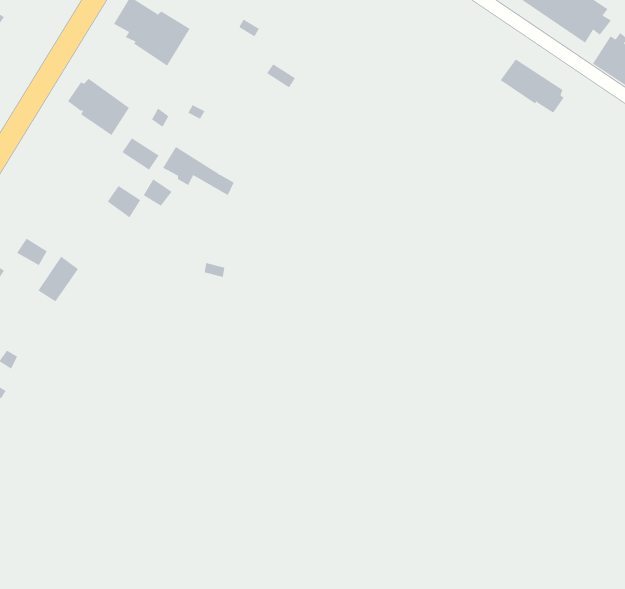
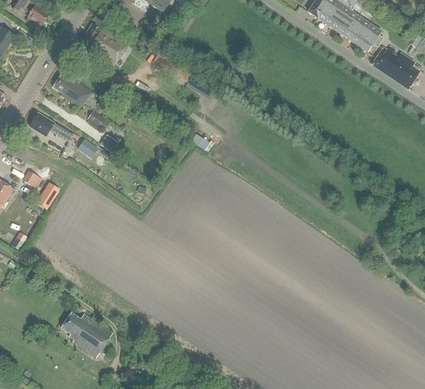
building: [500,59,564,114] -> none
building: [162,146,235,196] -> [29,112,73,142]
building: none -> [62,312,113,359]

